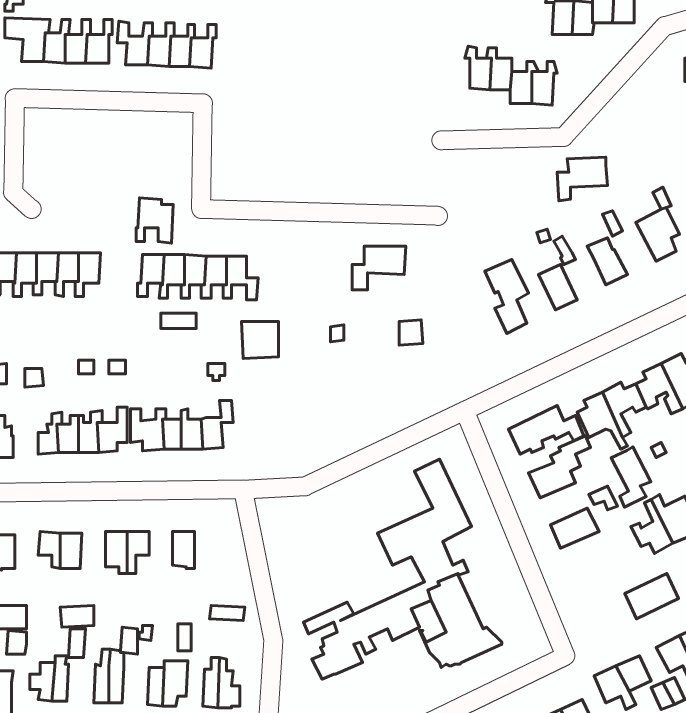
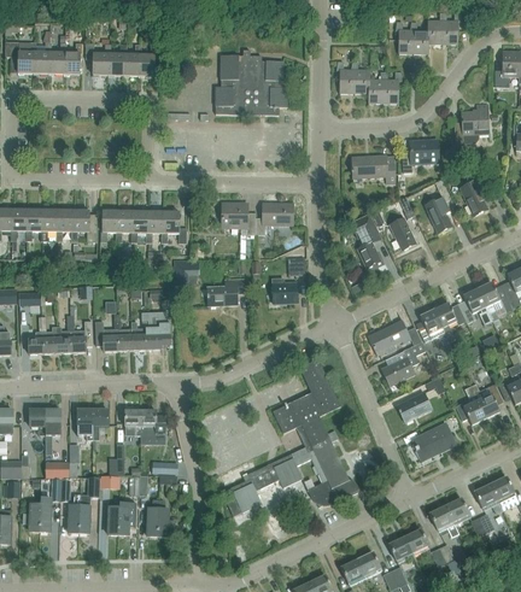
building: none -> [215,49,287,115]
building: none -> [453,105,487,142]
building: none -> [349,154,394,182]
building: [136,198,173,243] -> [71,209,98,241]
building: none -> [222,203,254,235]
building: none -> [273,277,297,301]
building: none -> [200,279,245,305]
building: [611,447,651,507] -> none
building: none -> [141,409,165,435]
building: [625,573,679,619] -> [414,424,452,457]

